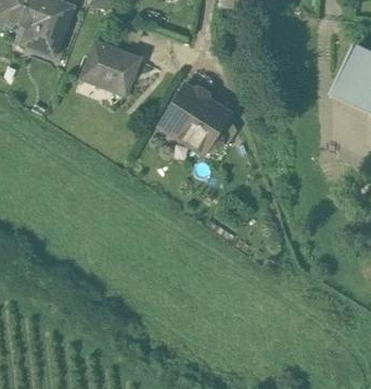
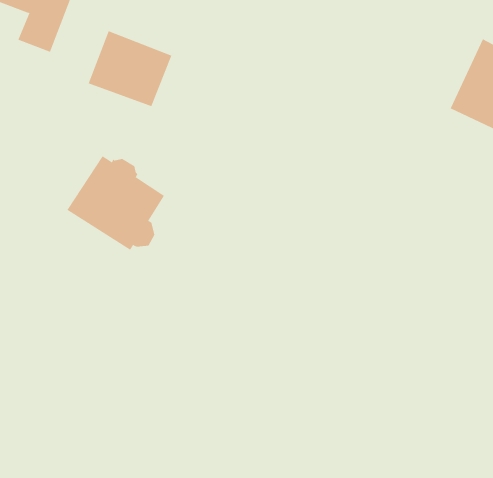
building: [159,86,228,152] -> [66,155,165,250]

